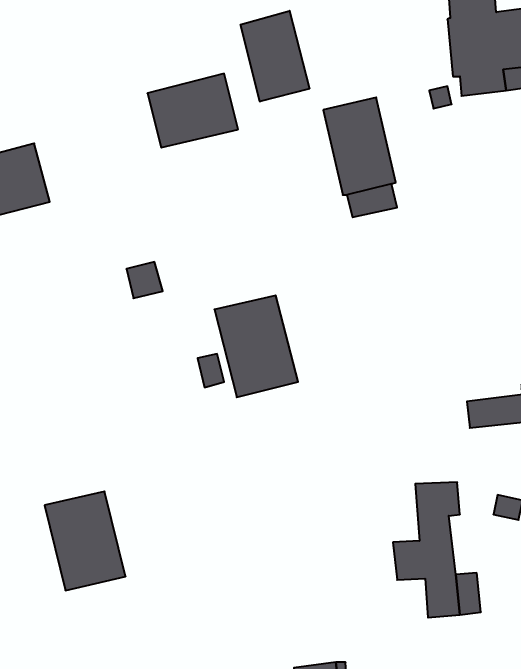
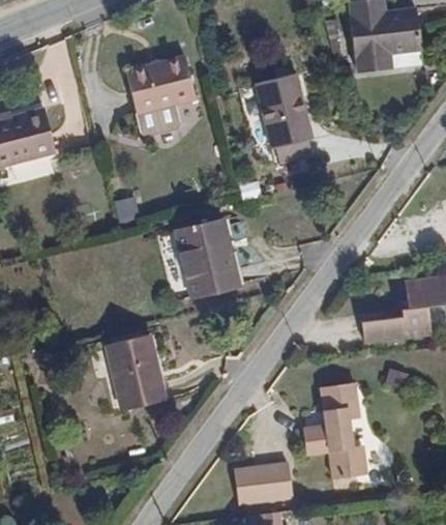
building: [241,11,309,102] -> none
building: [45,491,126,590] -> [107,346,167,419]
building: none -> [239,454,297,493]

